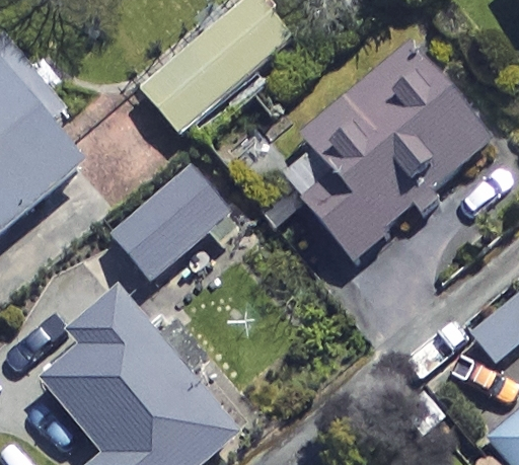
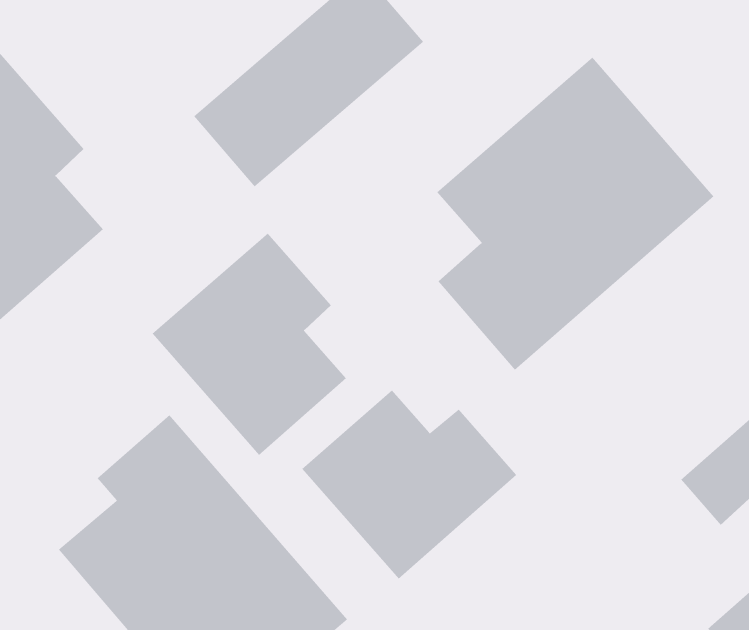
building: none -> [301,390,517,579]

